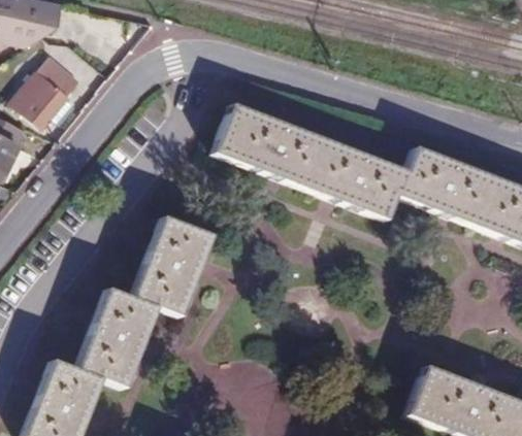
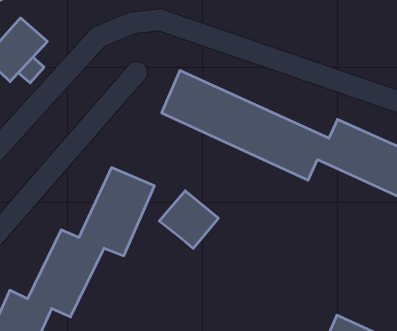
building: none -> [159,191,218,248]

